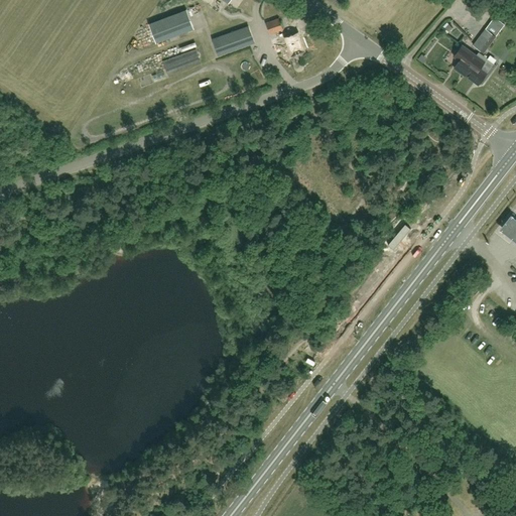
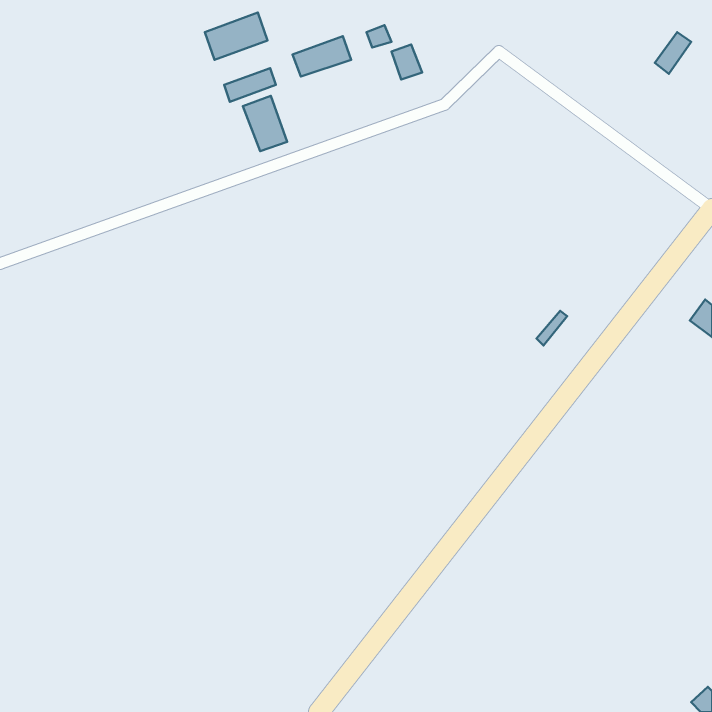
building: [454,45,487,85] -> none
building: none -> [243,96,287,151]

